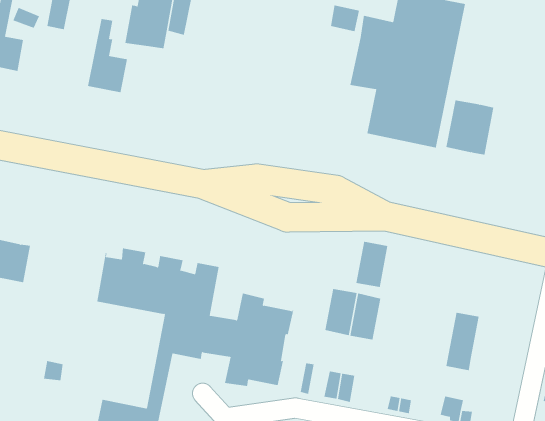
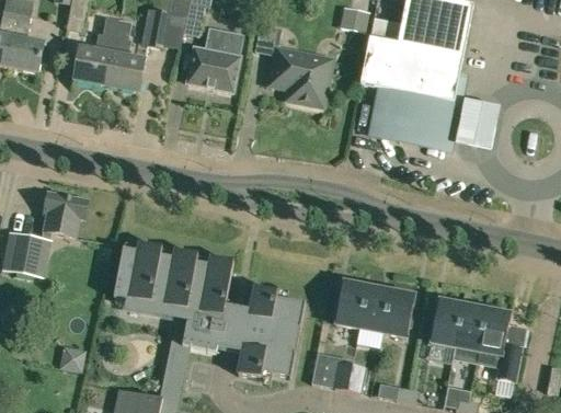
building: none -> [75,18,118,85]
building: none -> [256,23,333,105]
building: none -> [188,26,244,90]
building: none -> [43,192,89,236]
building: [355,241,388,288] -> [382,291,414,336]
building: none -> [431,300,462,345]
building: none -> [476,309,523,381]

